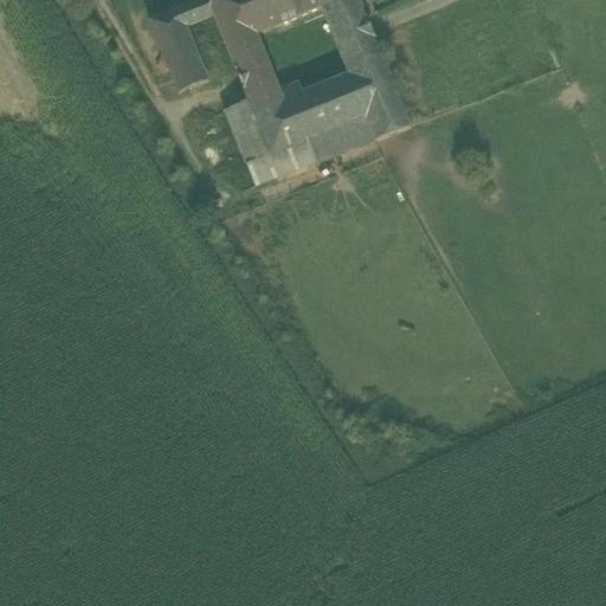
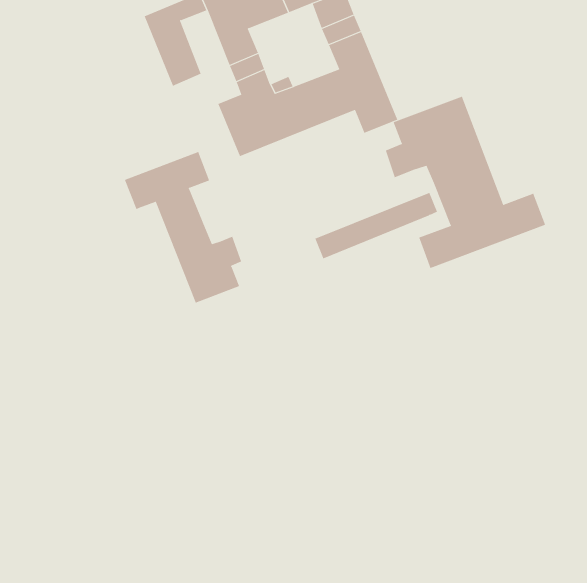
building: none -> [385,96,546,269]
building: [246,114,373,182] -> [315,192,438,259]
building: none -> [124,151,242,303]

